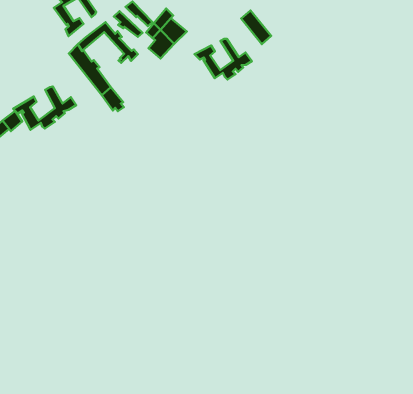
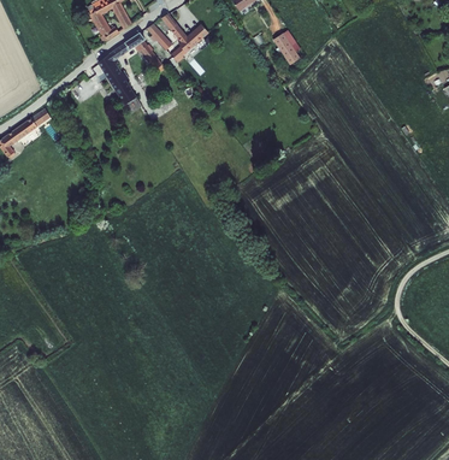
building: [195,39,252,79] -> none
building: [13,87,76,130] -> none

